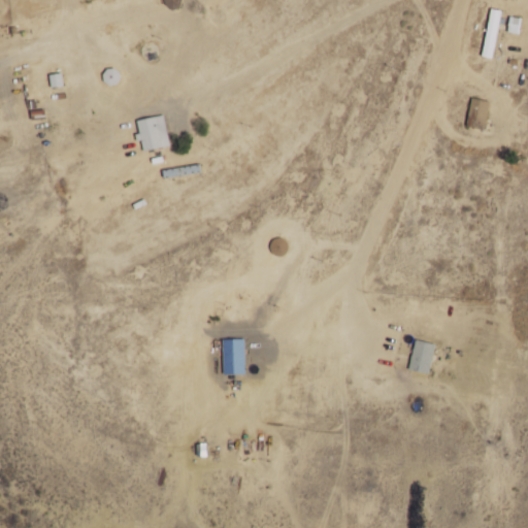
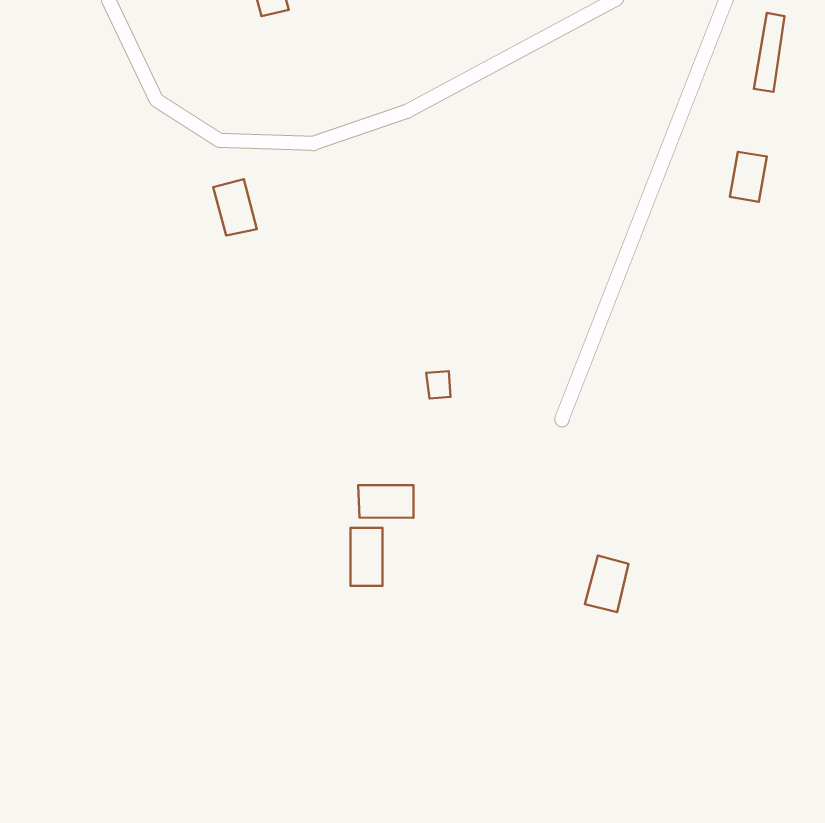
building: none -> [358,485,414,518]
building: [408,338,436,374] -> [585,556,628,612]

